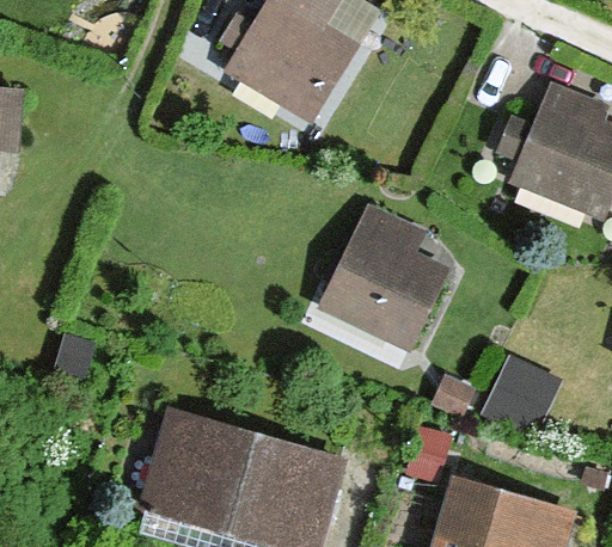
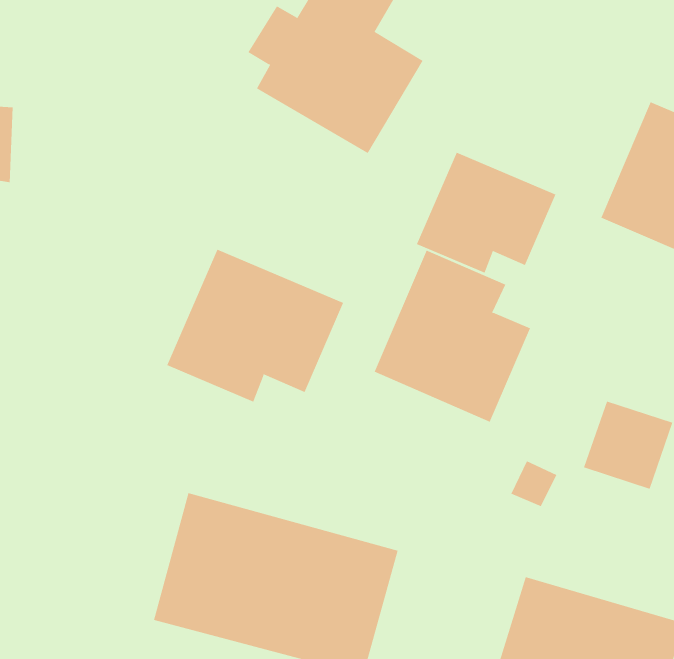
building: none -> [416,152,556,274]
building: none -> [167,249,344,402]

